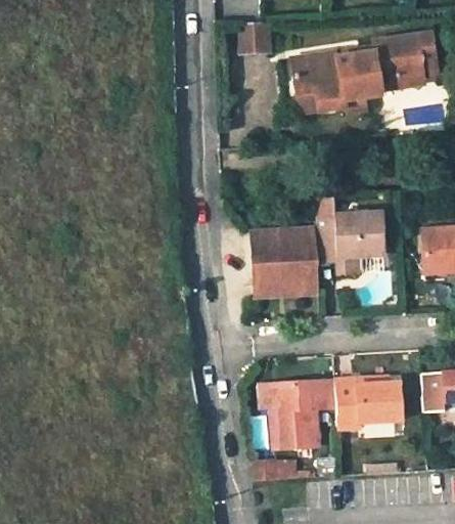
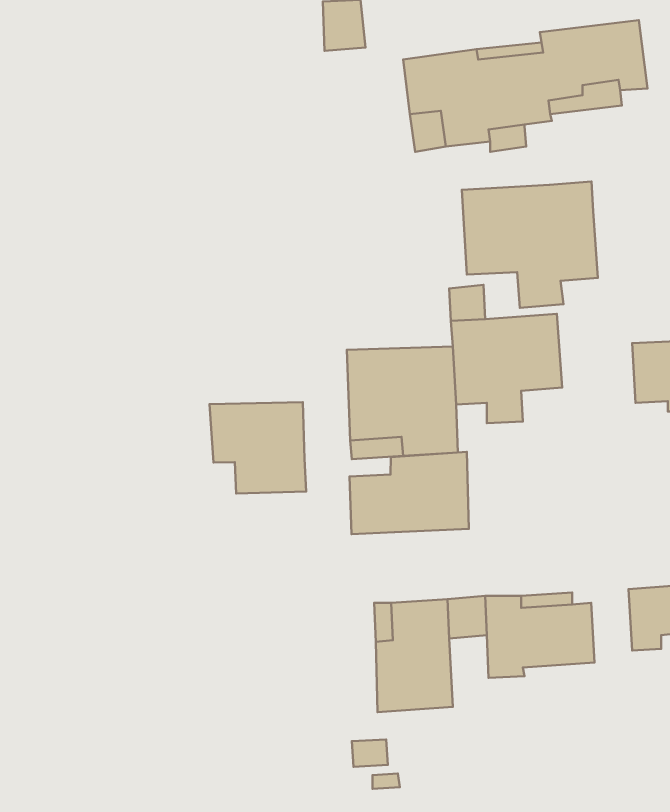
building: none -> [462,181,598,308]
building: none -> [209,402,306,494]
building: none -> [350,452,469,534]

